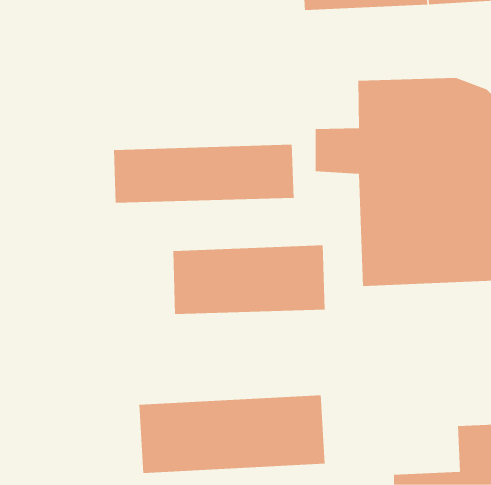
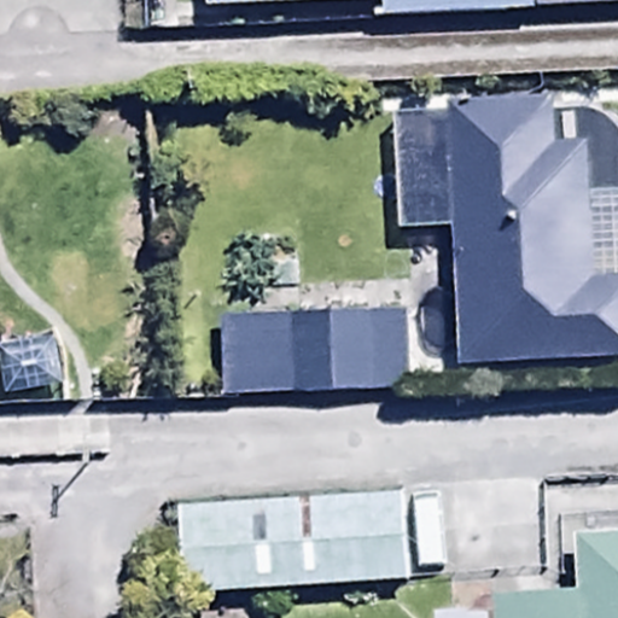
building: [113,144,294,203] -> none

